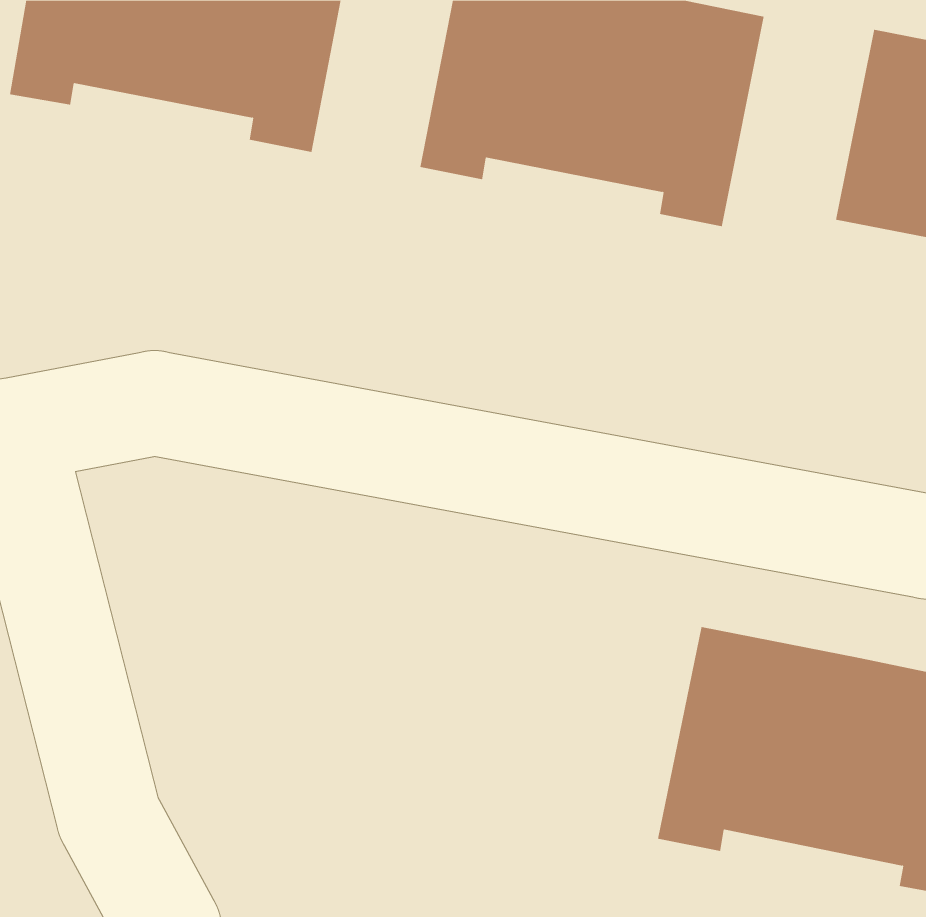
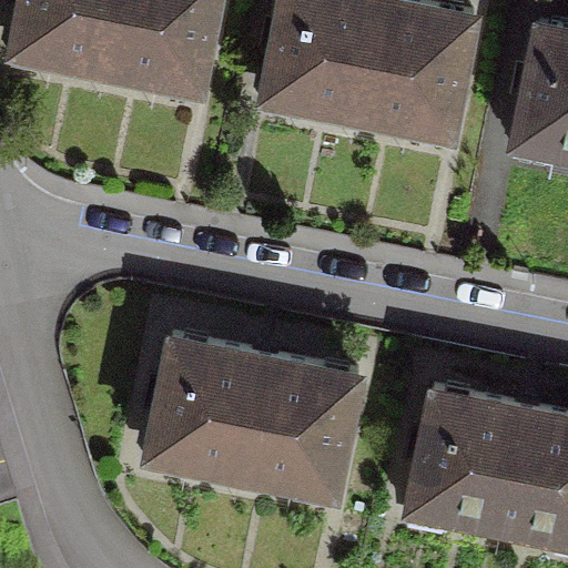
building: none -> [142,337,353,504]

